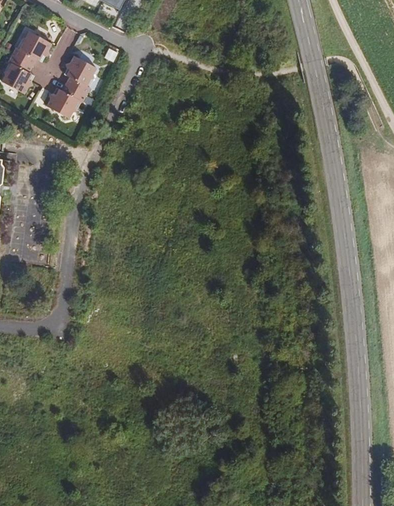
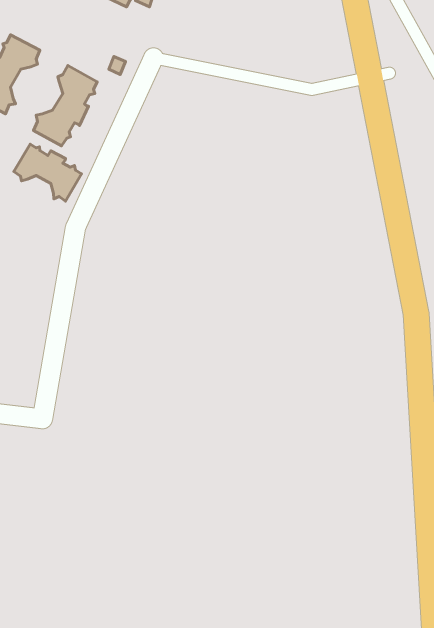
building: none -> [14,144,82,201]

